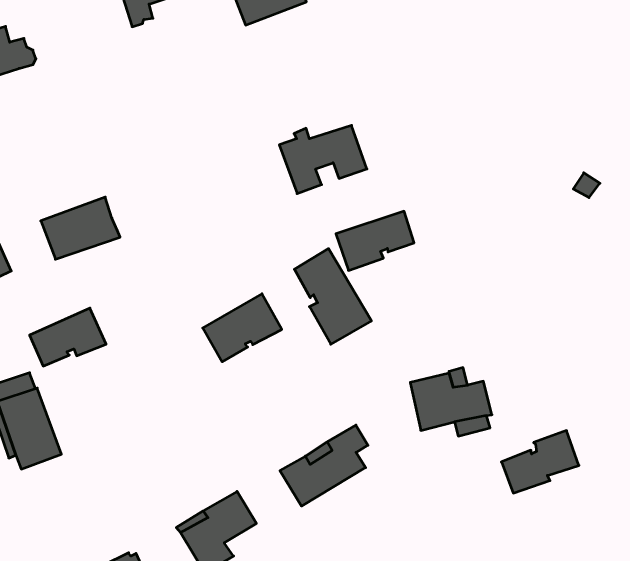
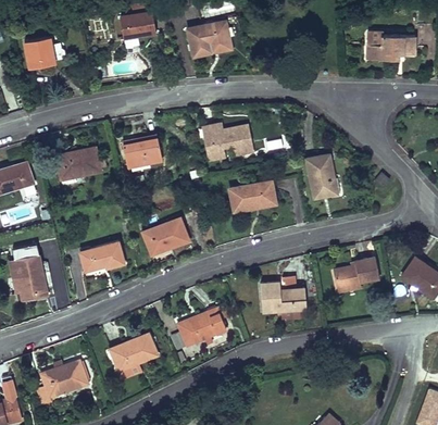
building: none -> [306,153,340,198]
building: none -> [123,138,162,166]
building: [294,249,371,344] -> none
building: [30,308,106,366] -> [80,240,125,271]
building: [501,431,579,493] -> [334,257,379,289]

